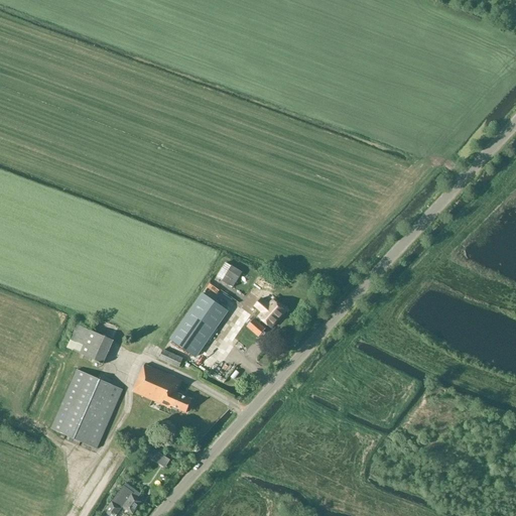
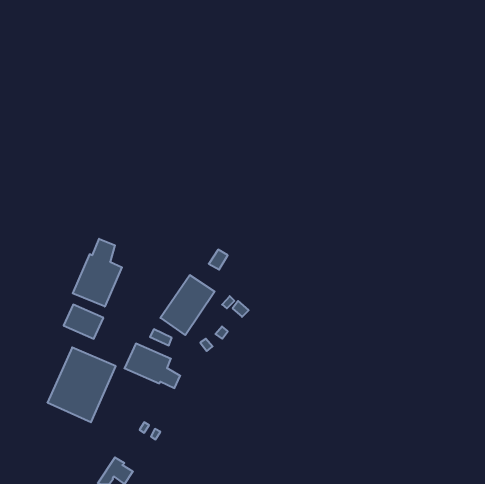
building: none -> [73,239,122,307]
building: [255,300,285,330] -> none

